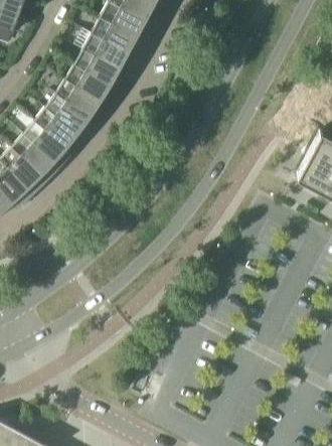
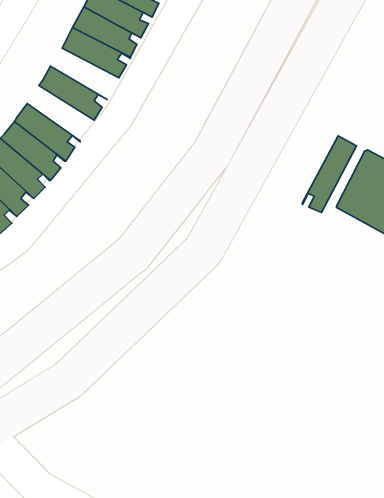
building: [70,52,124,93] -> none
building: [52,82,105,125] -> none
building: none -> [302,136,357,212]

